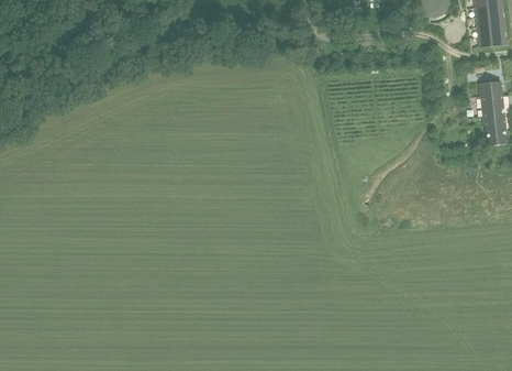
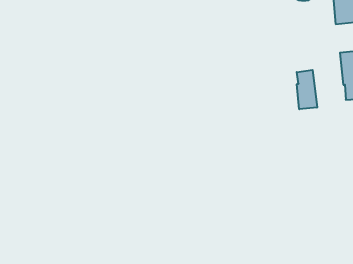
building: none -> [297,70,317,109]

